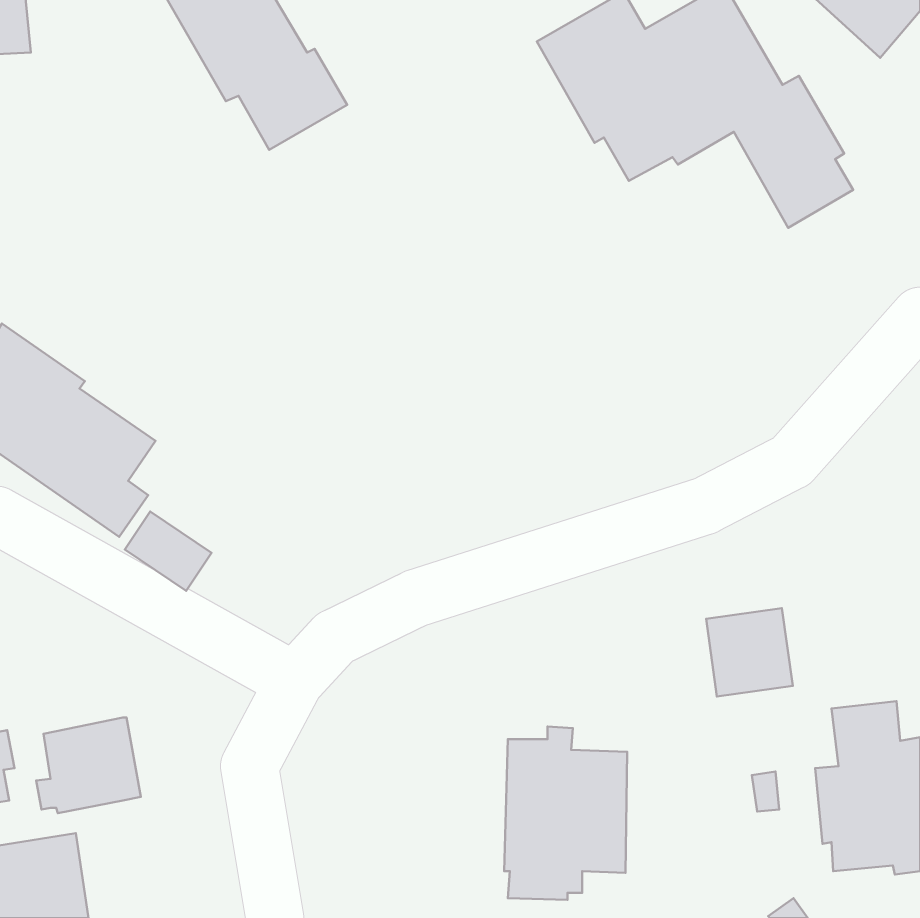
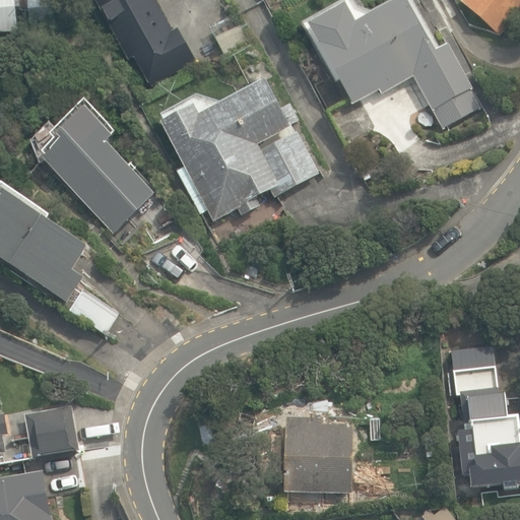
building: none -> [162,79,318,220]
building: none -> [40,101,154,231]
building: [706,608,793,697] -> [448,344,497,394]

